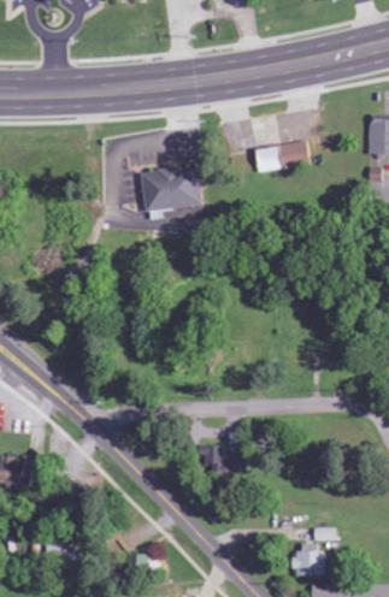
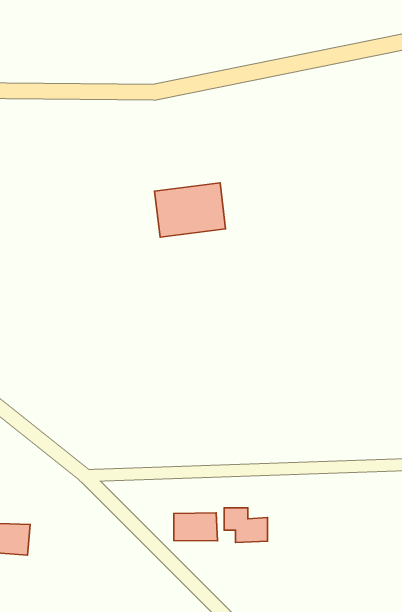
building: [255,141,311,173] -> none
building: none -> [174,513,218,541]

